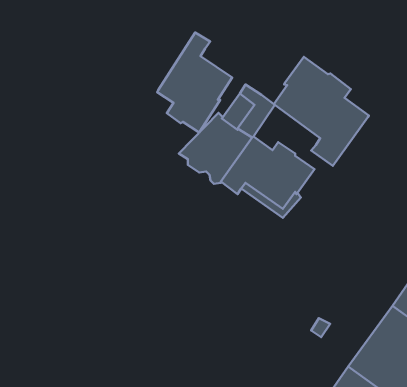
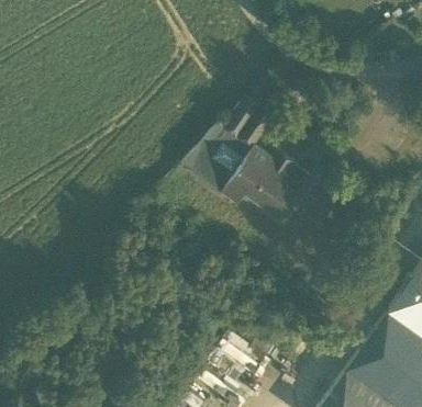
building: [157,32,232,133] -> none
building: [274,57,369,166] -> none

